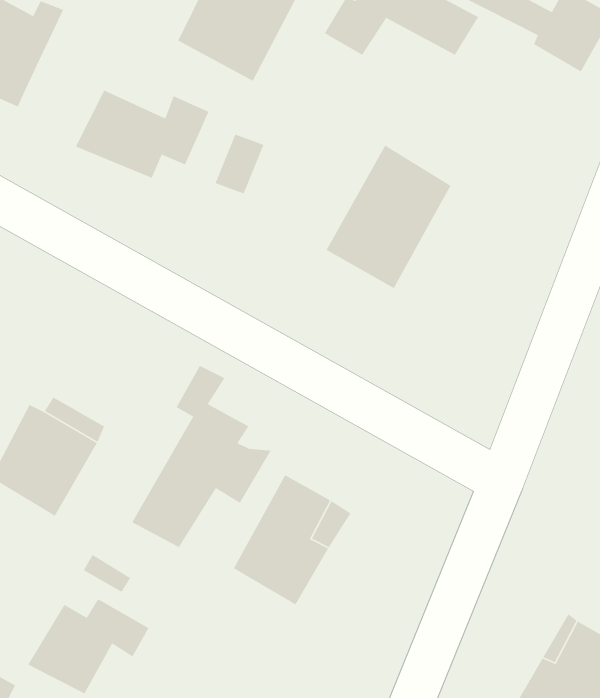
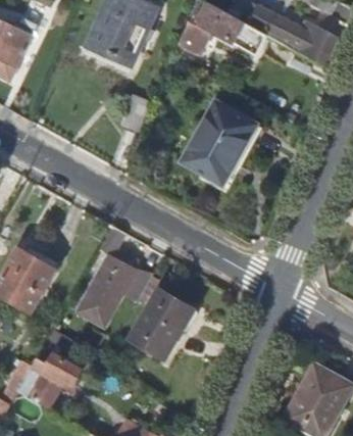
building: [75,90,209,179] -> none

